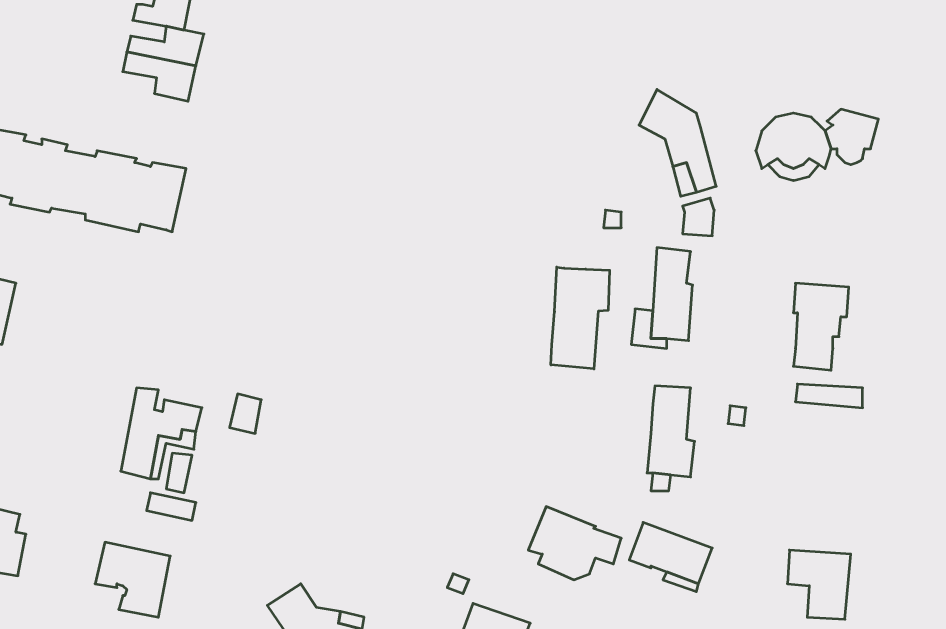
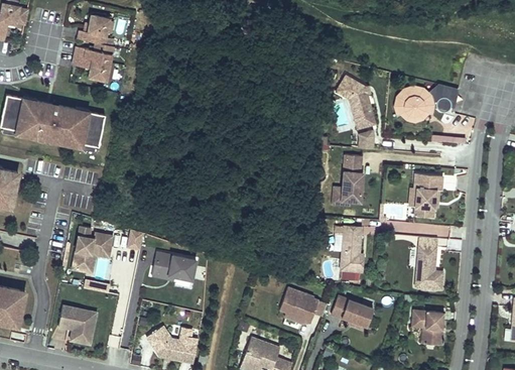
building: [551,267,610,369] -> none
building: none -> [415,244,442,288]
building: none -> [151,251,196,279]

